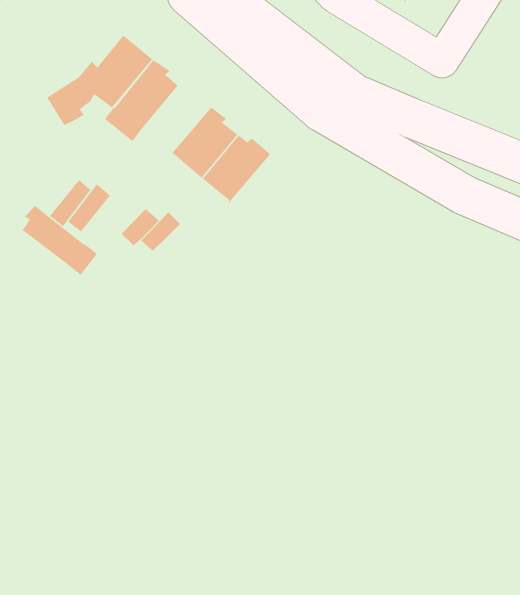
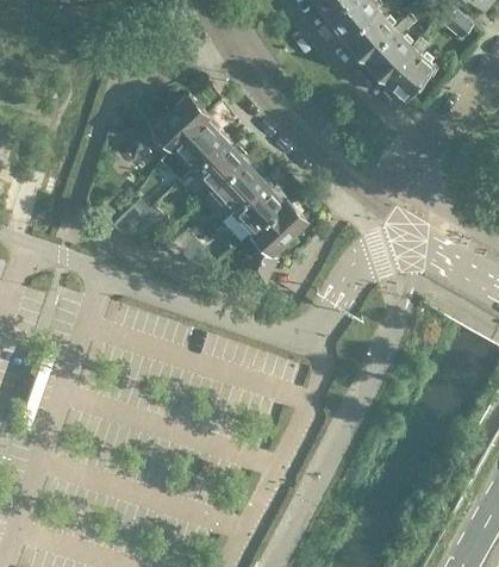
building: none -> [185,137,238,187]
building: none -> [230,198,297,281]
building: [22,205,98,276] -> none

